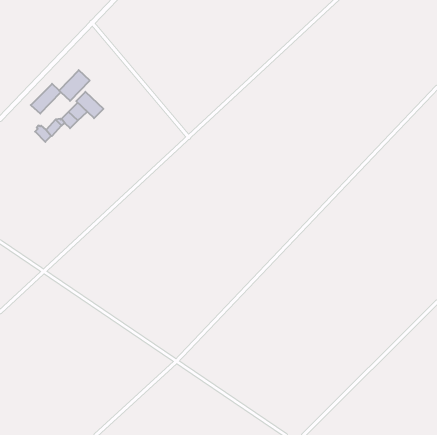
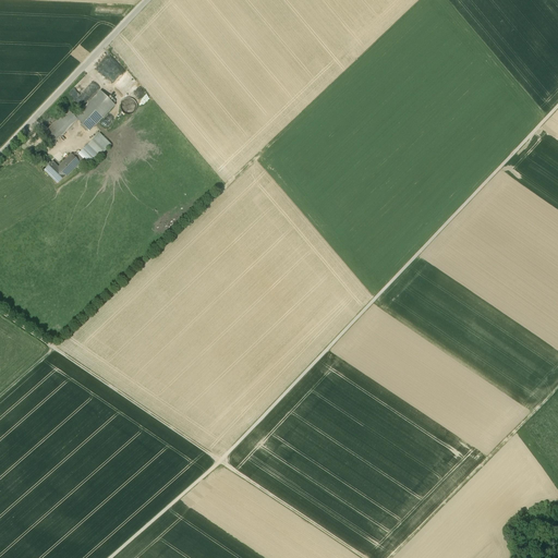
building: [76,92,103,118] -> none

